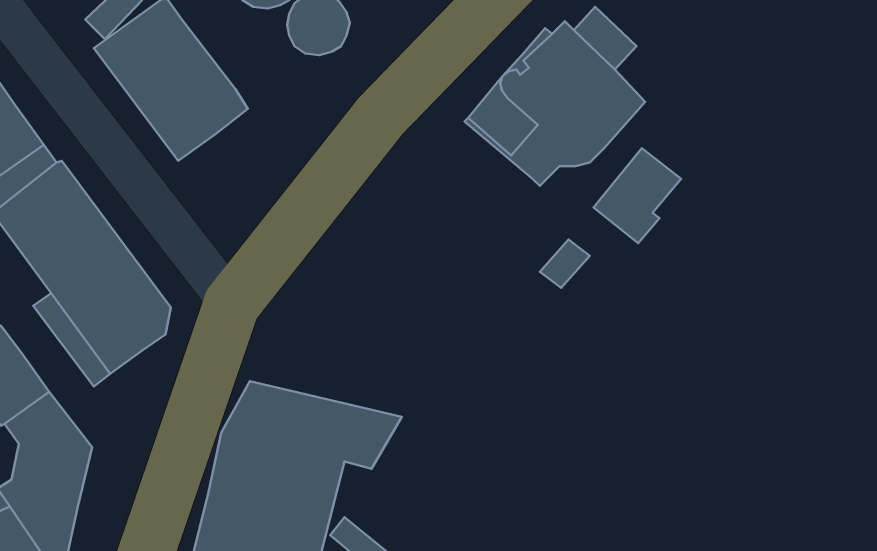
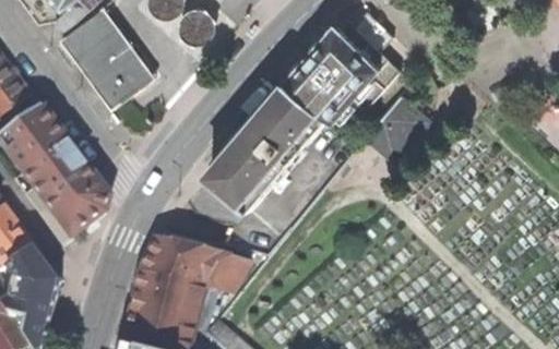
building: none -> [206,81,328,208]

